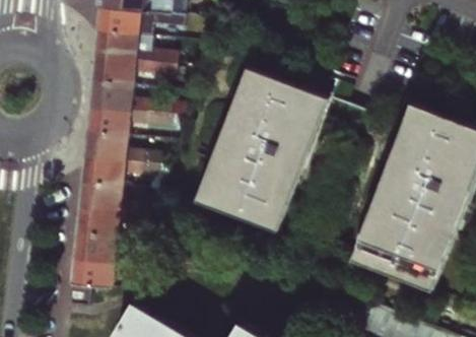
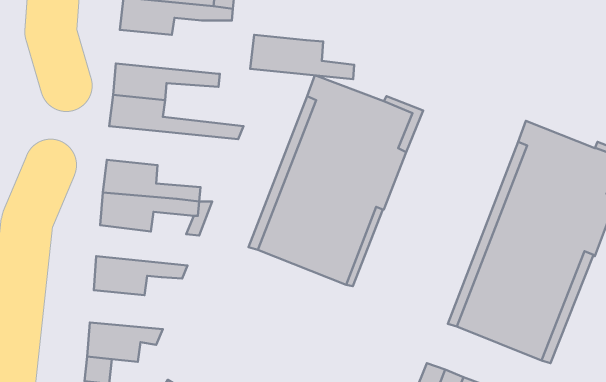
building: [91,32,173,67] -> [250,35,354,79]
building: [84,108,187,138] -> none
building: [76,185,151,216] -> none
building: [71,235,128,266] -> none

